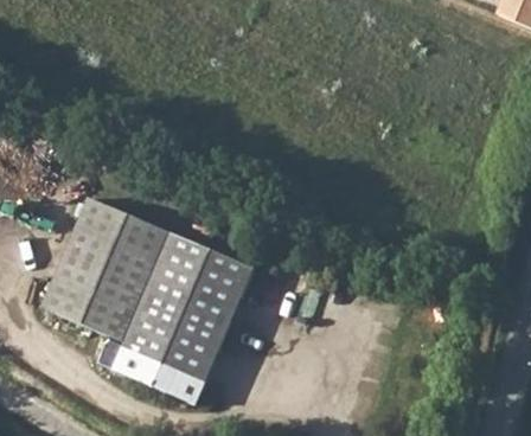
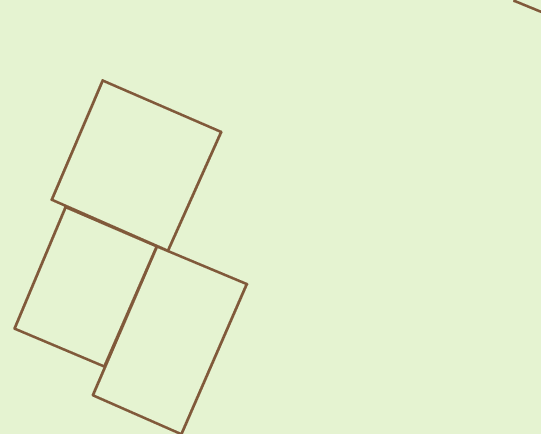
building: none -> [52,80,221,251]

